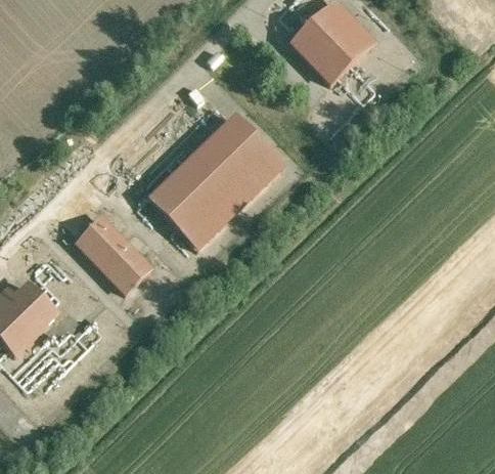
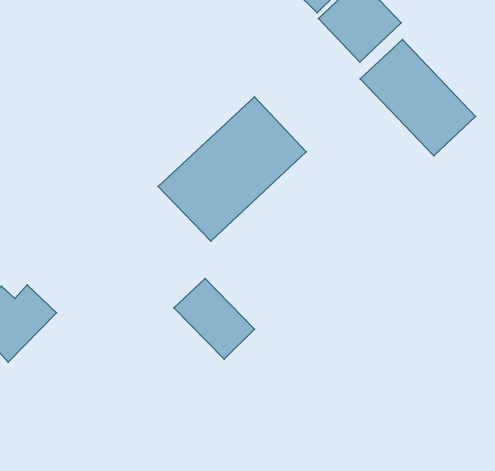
building: none -> [360,40,475,156]
building: [76,216,149,290] -> [174,279,255,359]

